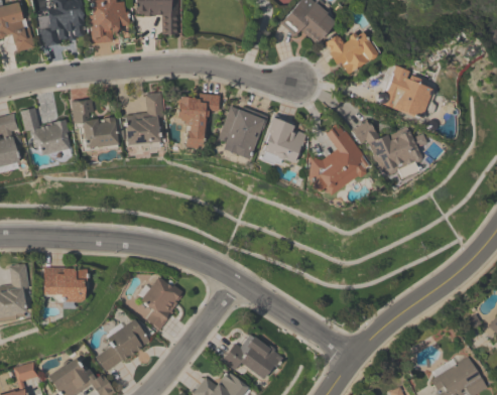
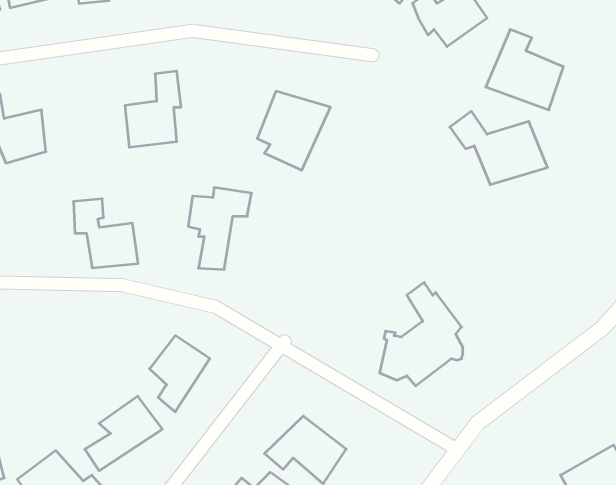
building: [175,91,220,148] -> [188,188,252,269]
building: [72,99,117,147] -> [73,199,138,268]
building: [261,116,305,162] -> none
building: [305,122,364,194] -> [380,282,463,386]
building: [42,266,87,301] -> none

